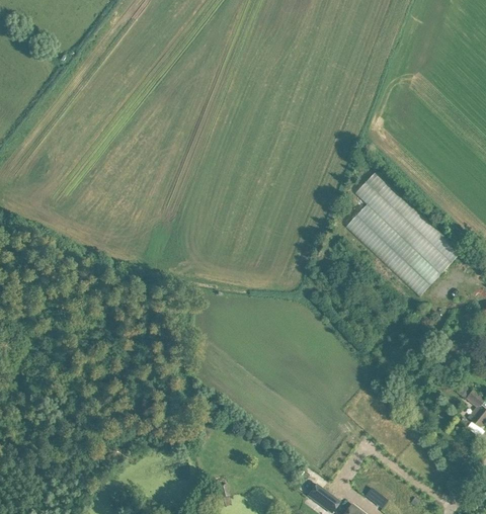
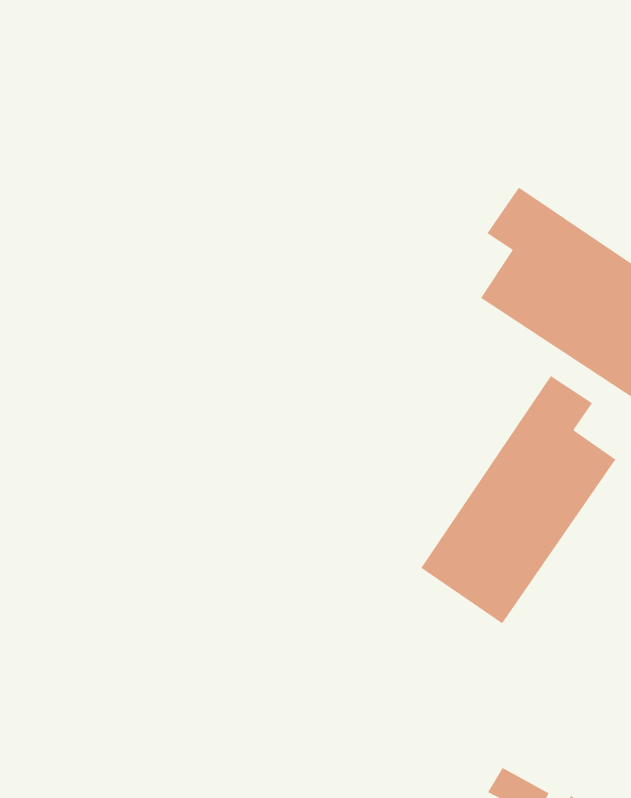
building: none -> [421,375,616,624]

